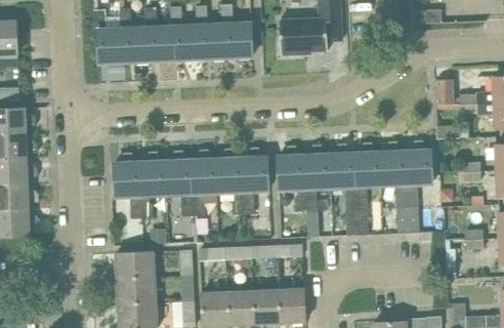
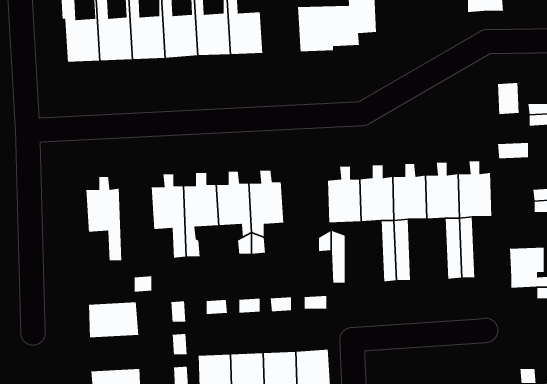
building: [277,146,303,191] -> none
building: [139,152,166,219] -> none
building: [116,278,156,305] -> none

